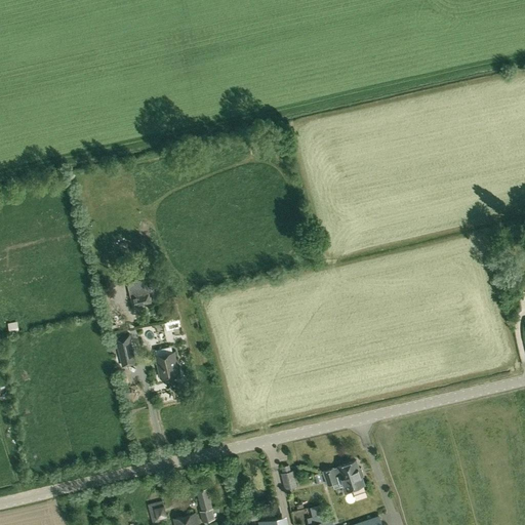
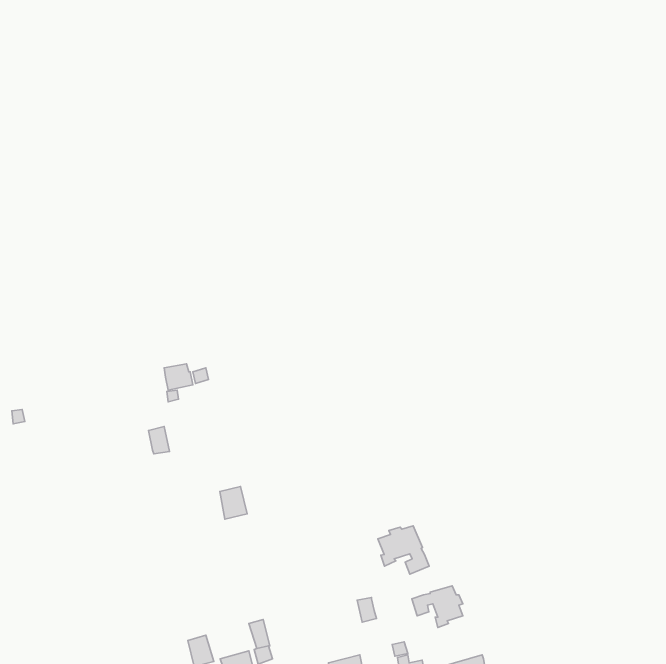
building: [157,354,178,379] -> [220,486,247,519]
building: none -> [378,526,429,574]

